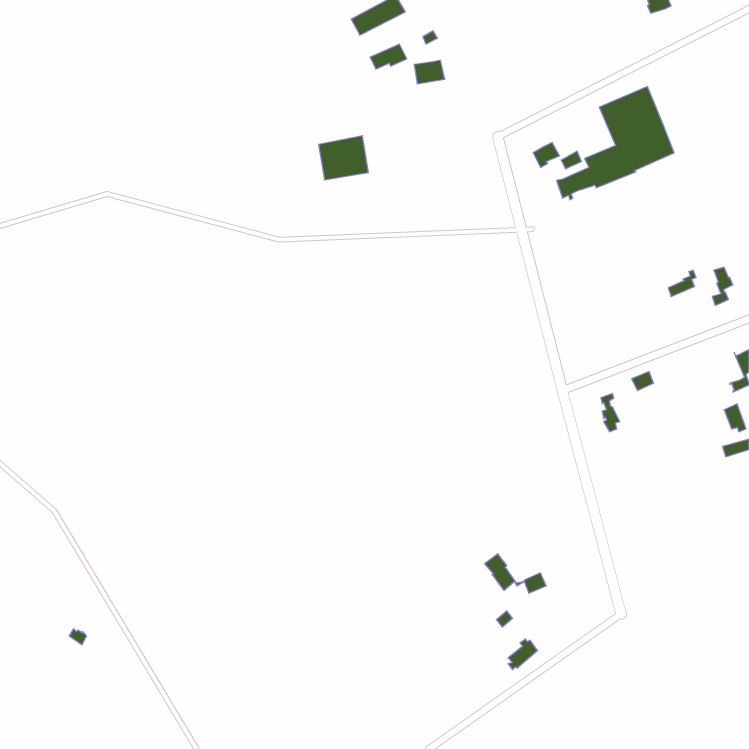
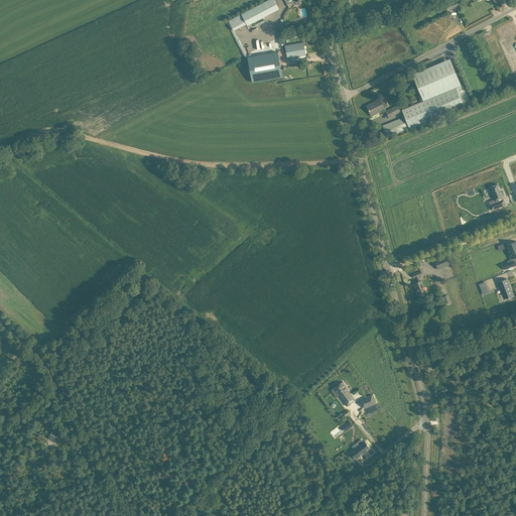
building: [319,136,368,180] -> [247,50,281,81]

